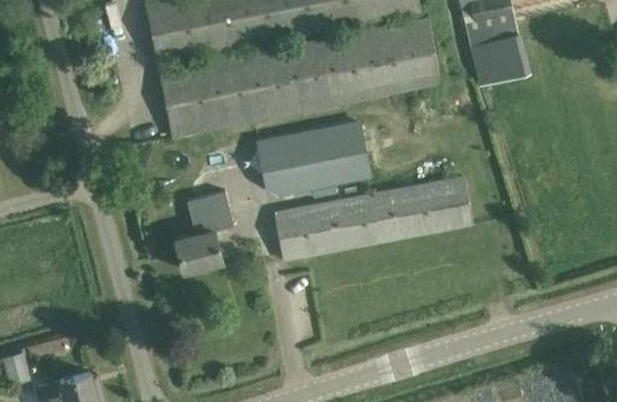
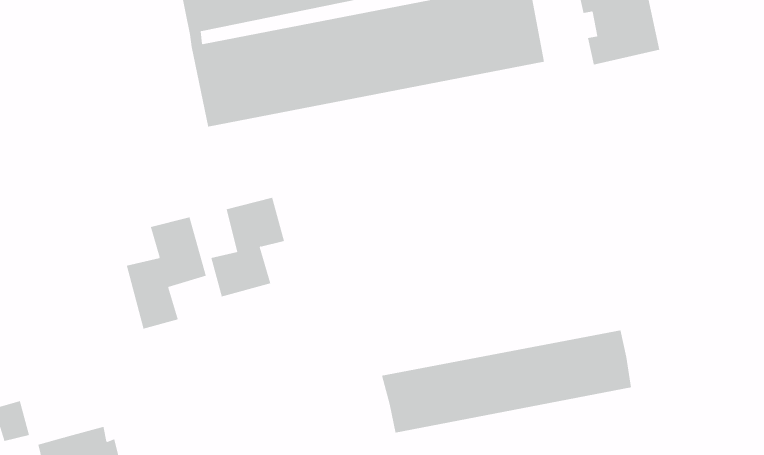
building: [255,120,366,195] -> none
building: [271,177,470,259] -> [381,330,632,433]
building: none -> [126,216,206,329]

